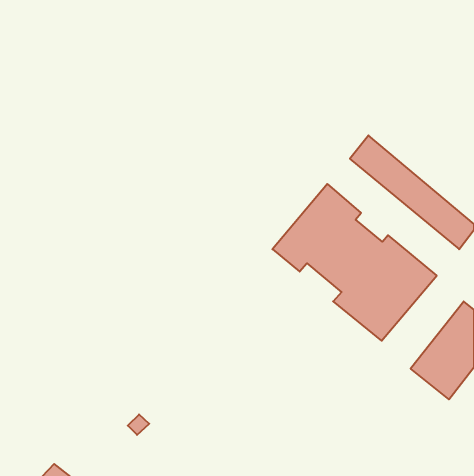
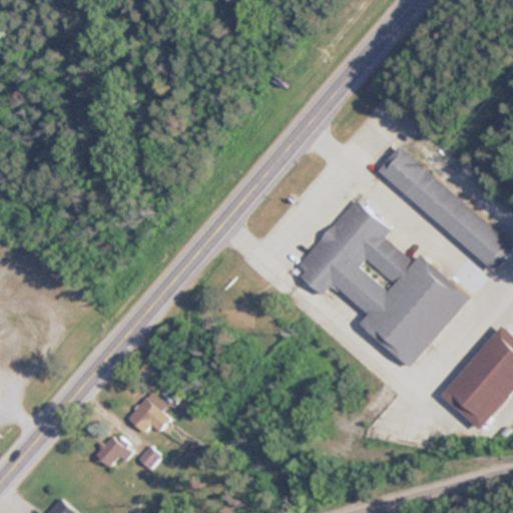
building: none -> [126,391,169,433]
building: none -> [94,435,132,468]

